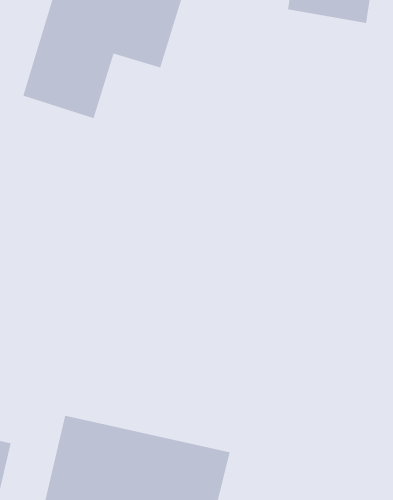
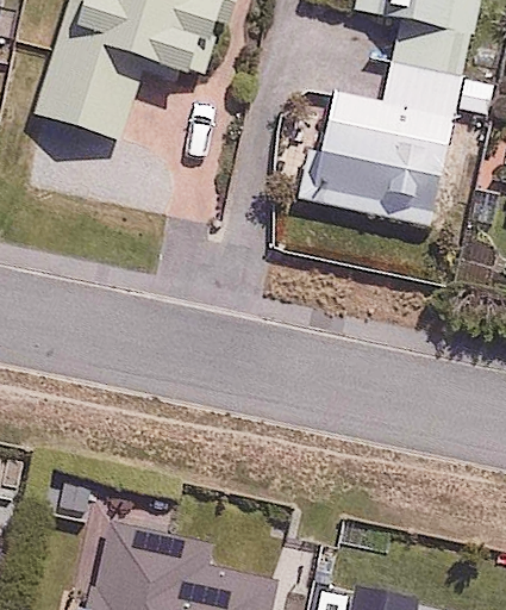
building: none -> [270,55,473,228]

